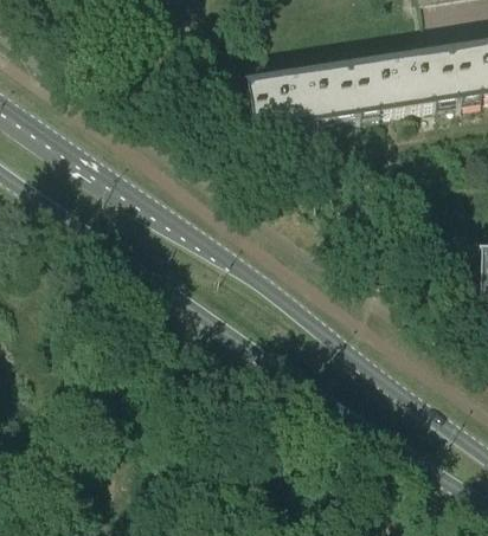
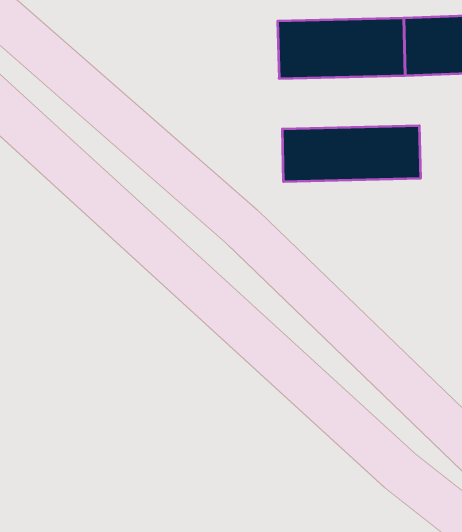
building: none -> [282,126,420,182]

